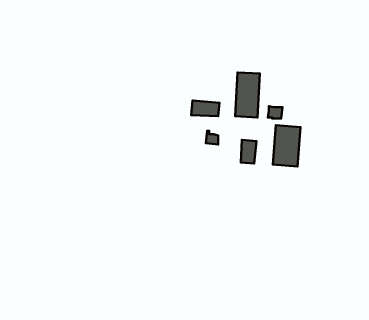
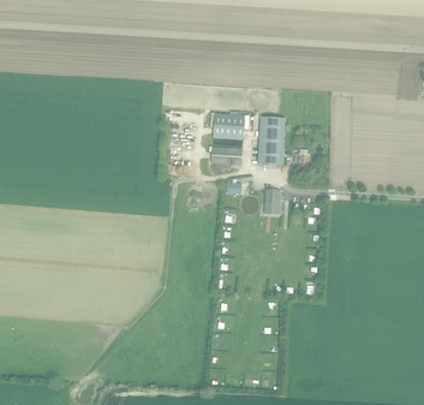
building: none -> [211,112,243,137]
building: [273,125,300,166] -> none

